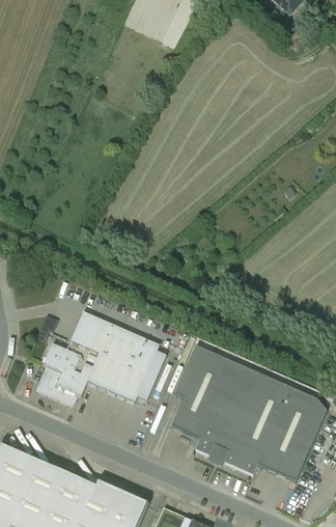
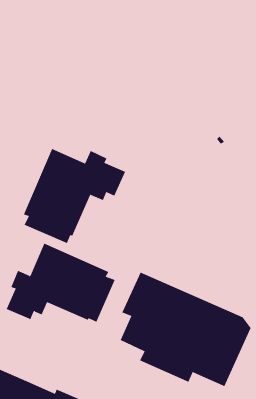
building: none -> [23,148,126,244]

